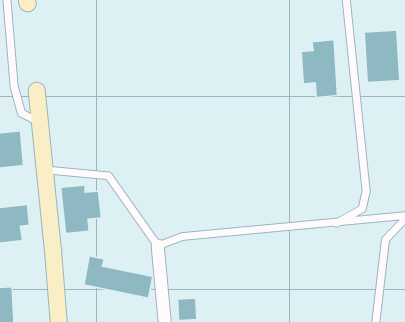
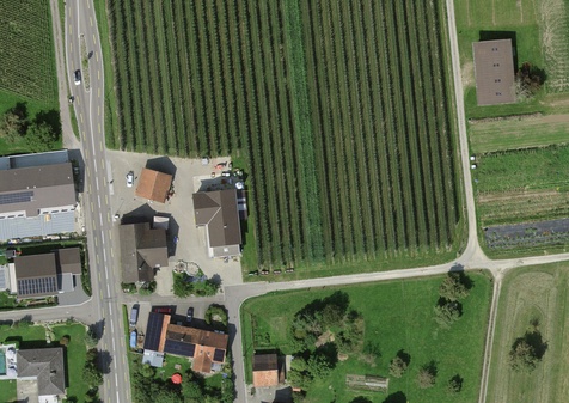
building: [301,40,337,98] -> none
building: none -> [136,165,173,199]
building: none -> [195,187,243,256]

